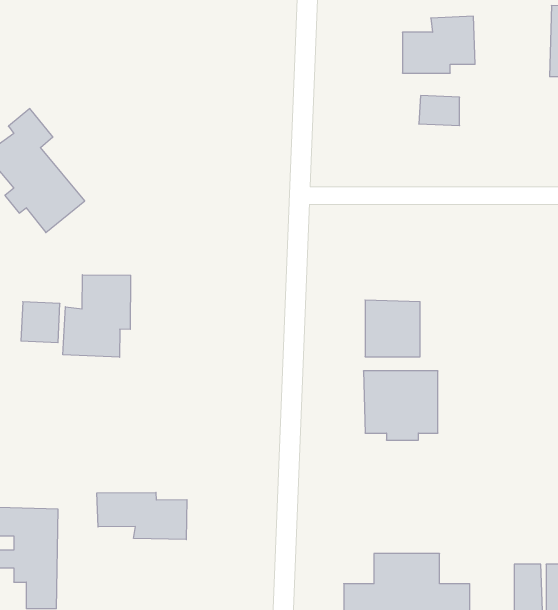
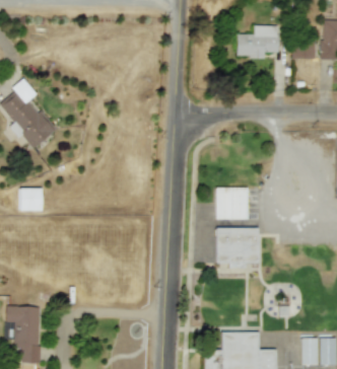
building: [419,96,460,126] -> [292,41,316,58]
building: [63,275,131,357] -> none
building: [97,492,187,540] -> none

